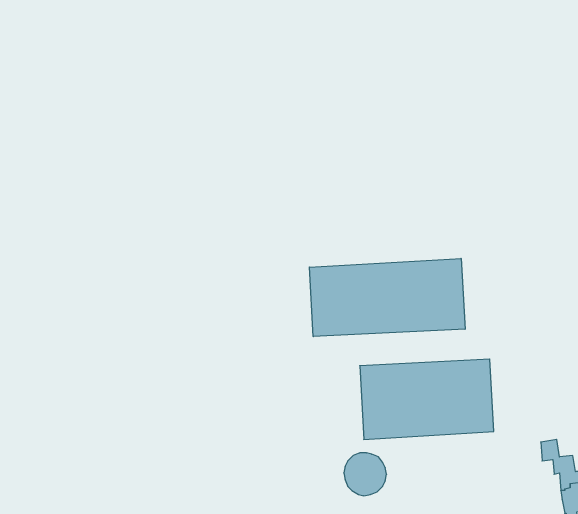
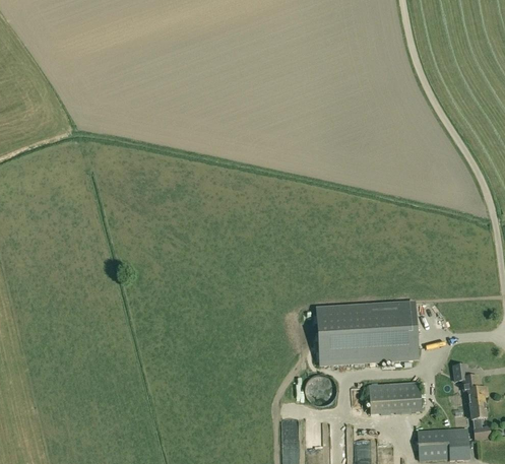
building: [309,258,465,337] -> none
building: none -> [369,382,421,414]

